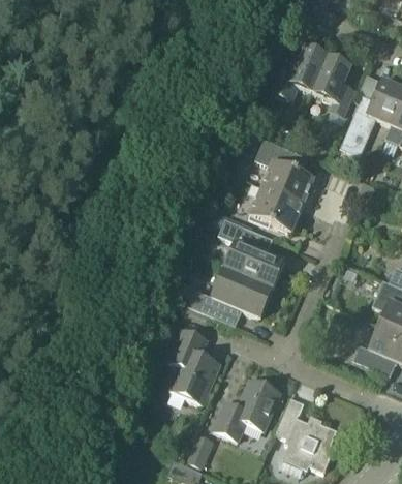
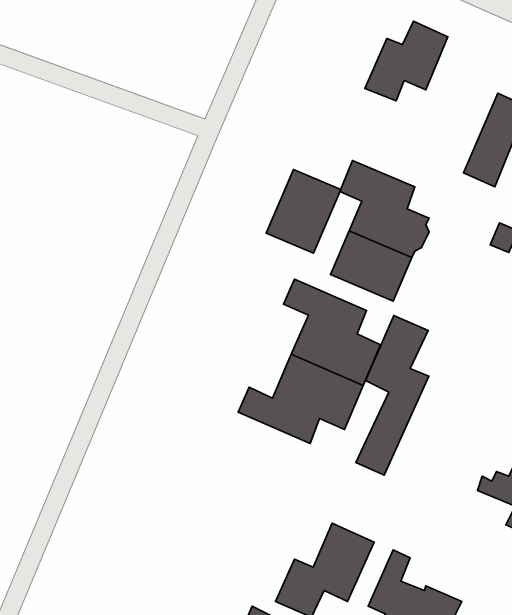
building: [313,57,354,115] -> none
building: none -> [266,169,341,253]
building: none -> [356,316,429,475]
building: [169,328,219,403] -> none

